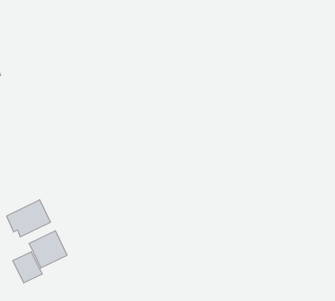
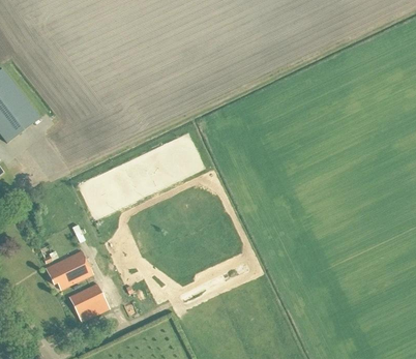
building: [13,252,42,283] -> none

